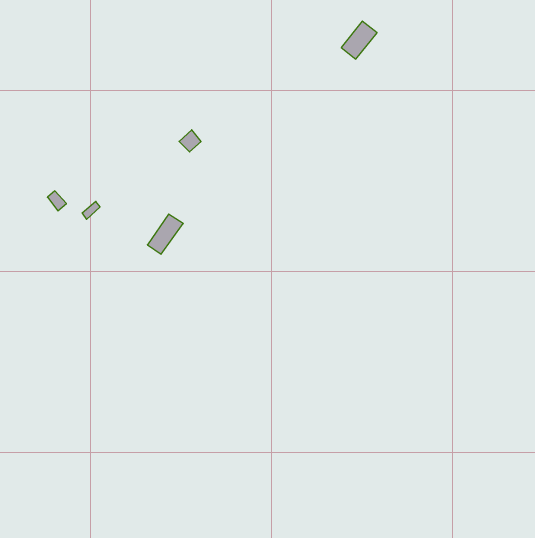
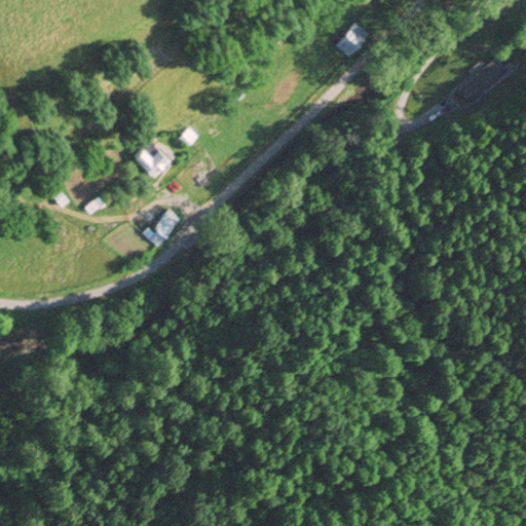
building: none -> [132,140,170,178]

